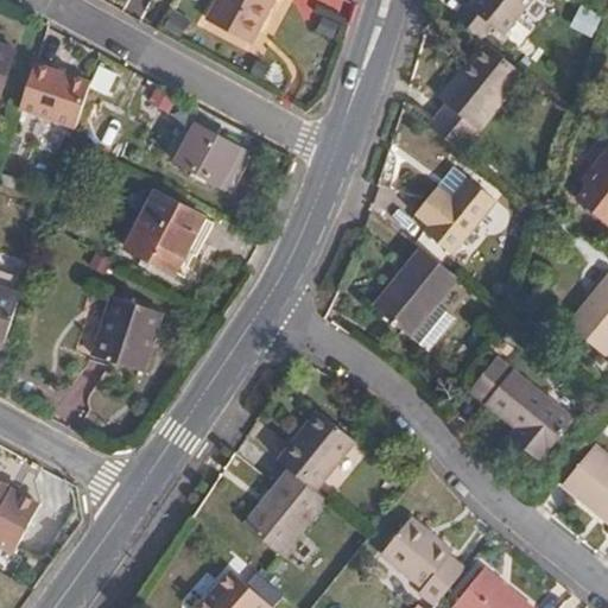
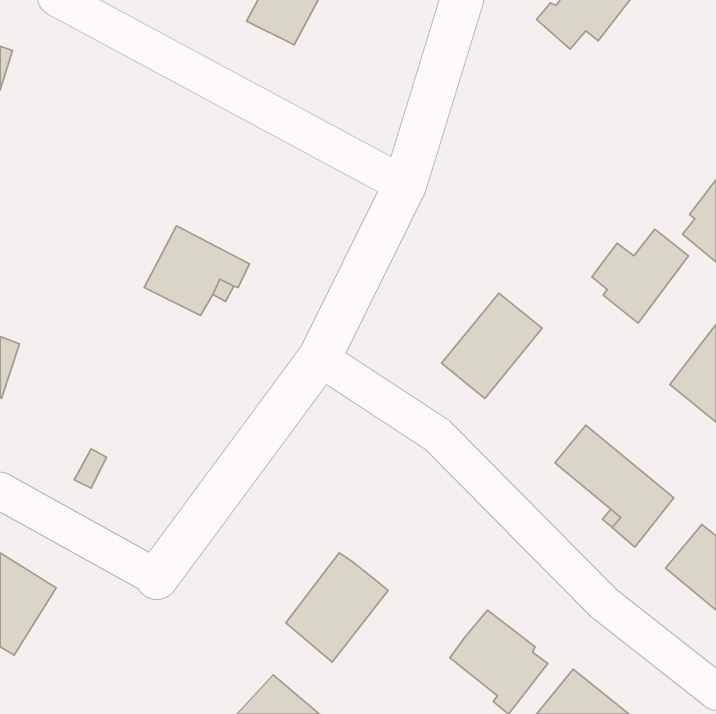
building: [429,42,525,154] -> none
building: [18,58,91,128] -> none
building: [175,121,247,186] -> none
building: [414,178,496,258] -> [592,229,689,323]
building: [91,292,163,369] -> none
building: [278,413,353,489] -> none

